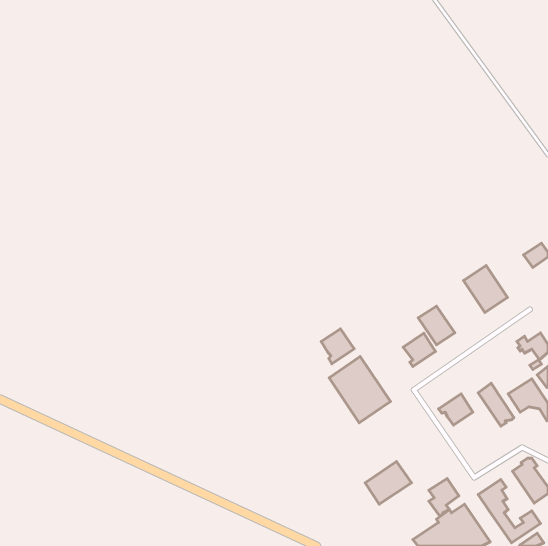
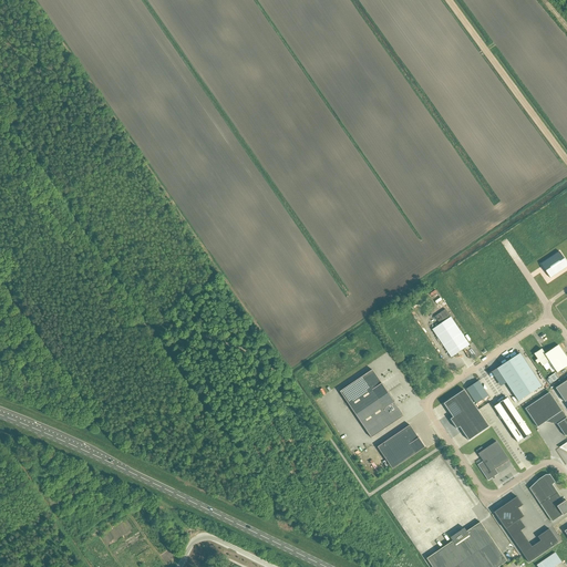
building: [463,266,507,313] -> [496,352,542,401]
building: [321,329,354,364] -> none
building: [403,333,435,366] -> [443,389,476,423]
building: [365,461,411,504] -> [378,424,425,468]
building: [429,479,459,516] -> [477,441,508,480]

